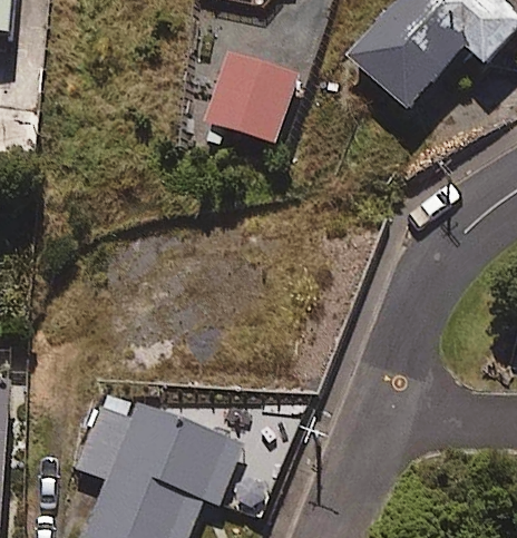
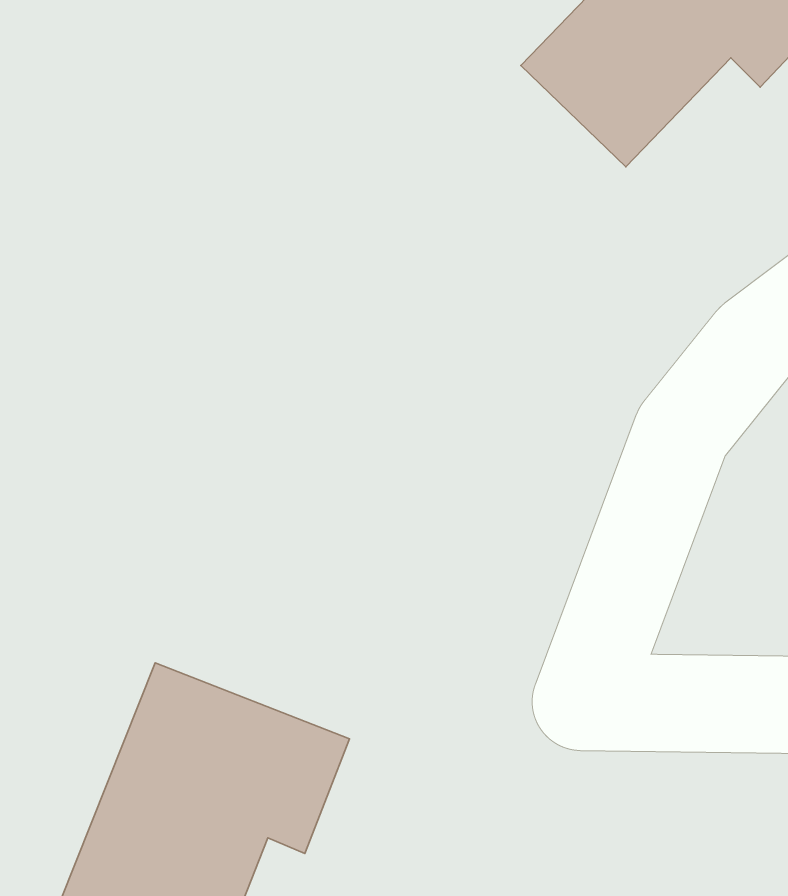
building: [203,50,296,145] -> none

